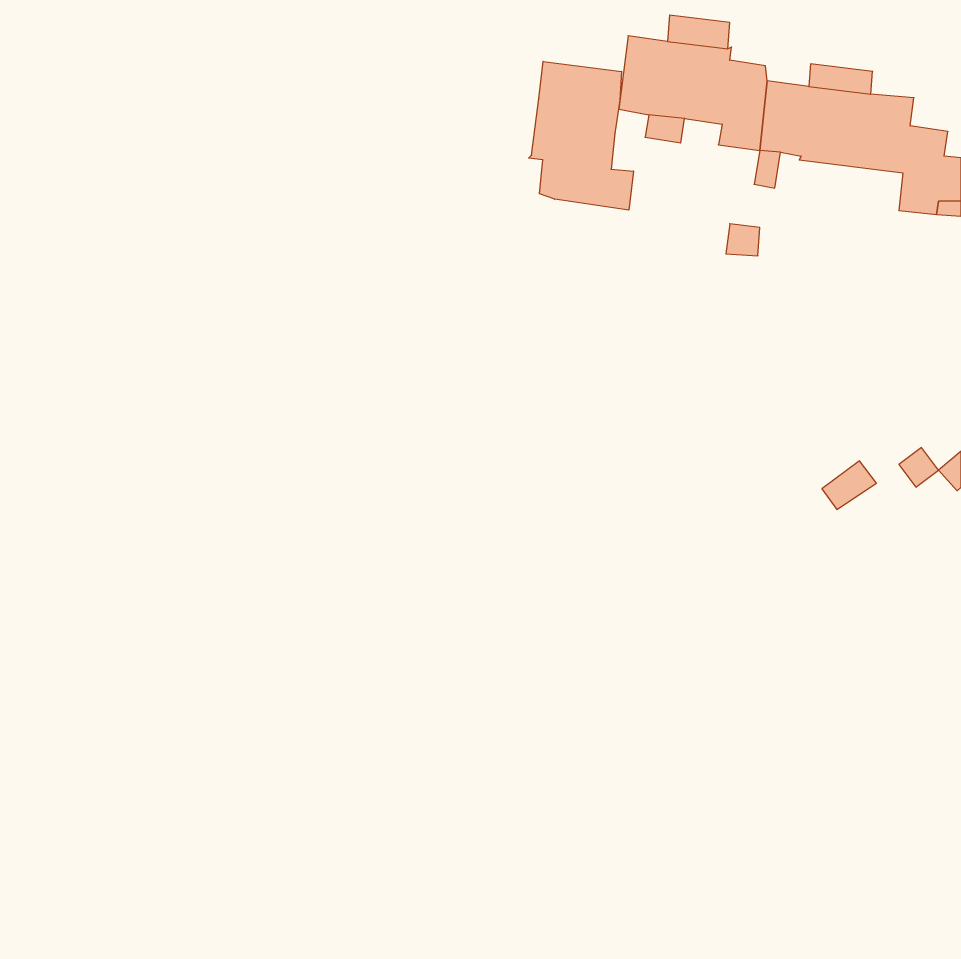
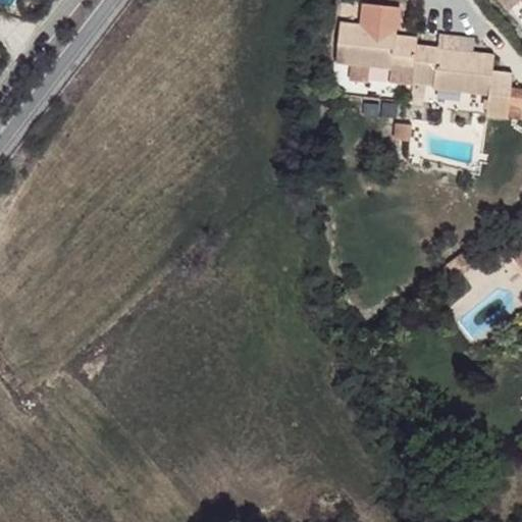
building: [529,61,633,210] -> none

